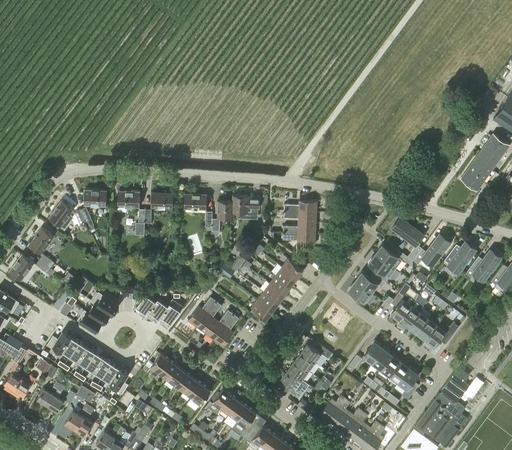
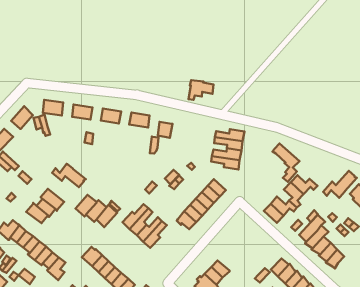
building: [232,196,259,218] -> [188,80,214,100]
building: [392,218,424,261] -> [273,143,300,182]
building: none -> [52,164,86,187]
building: [301,343,332,366] -> none

